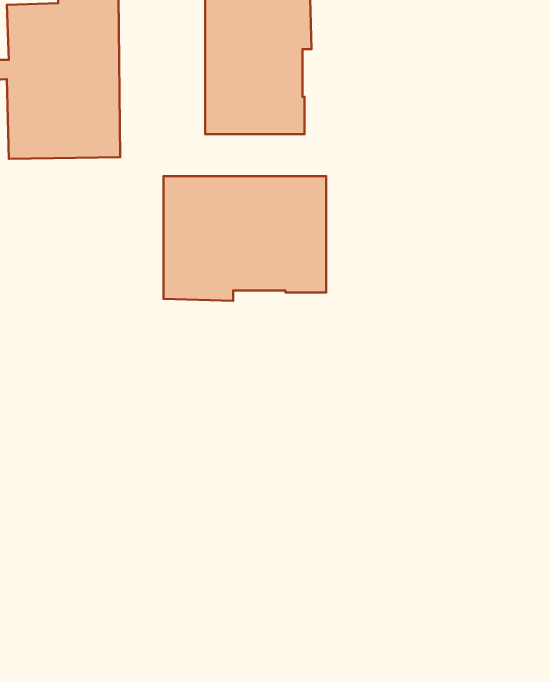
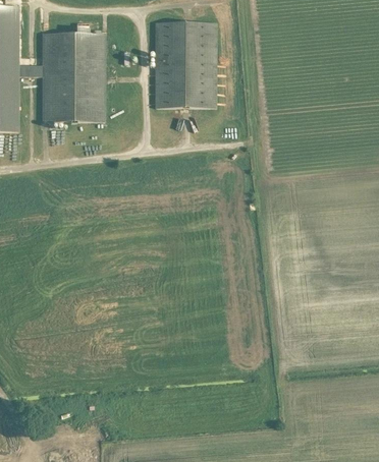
building: [163,176,326,301] -> none

